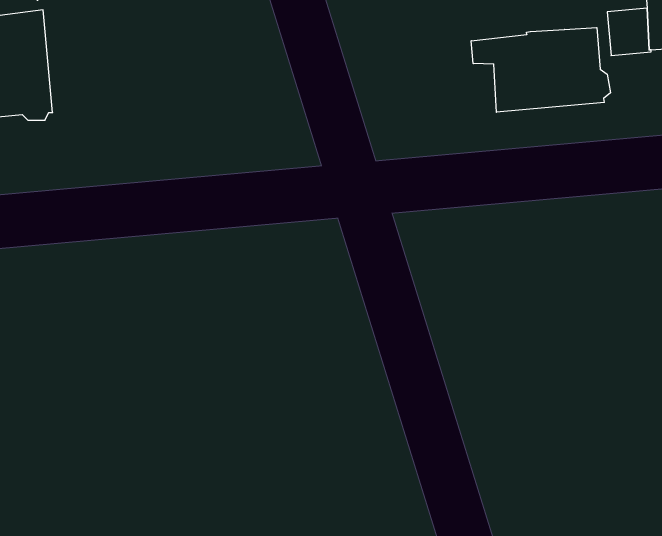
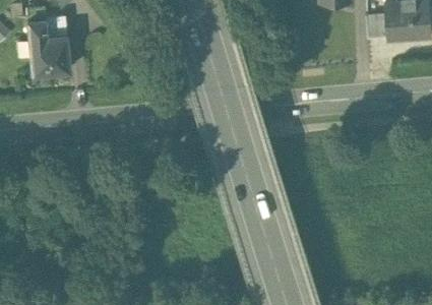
building: [471,28,611,112] -> none

